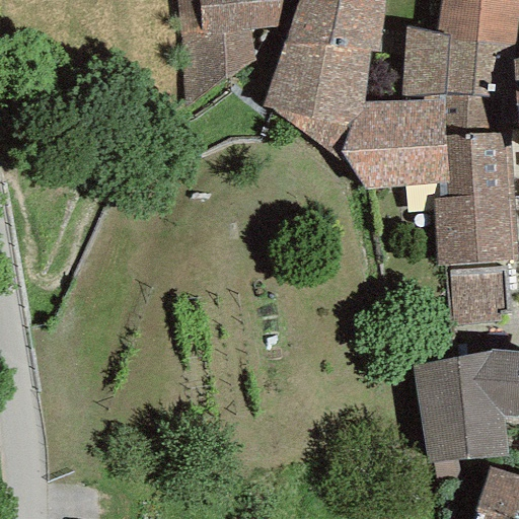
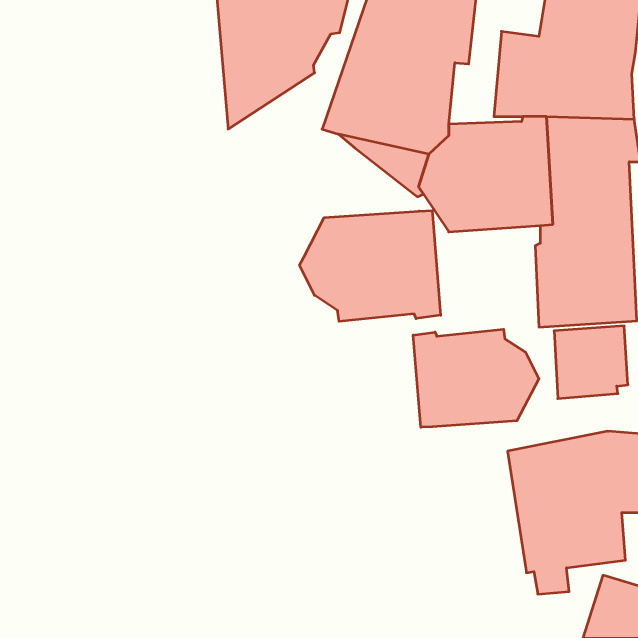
building: none -> [300,211,441,321]
building: none -> [413,329,539,427]

